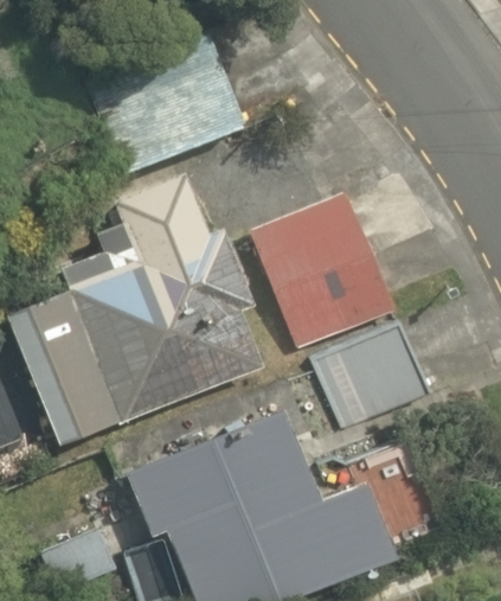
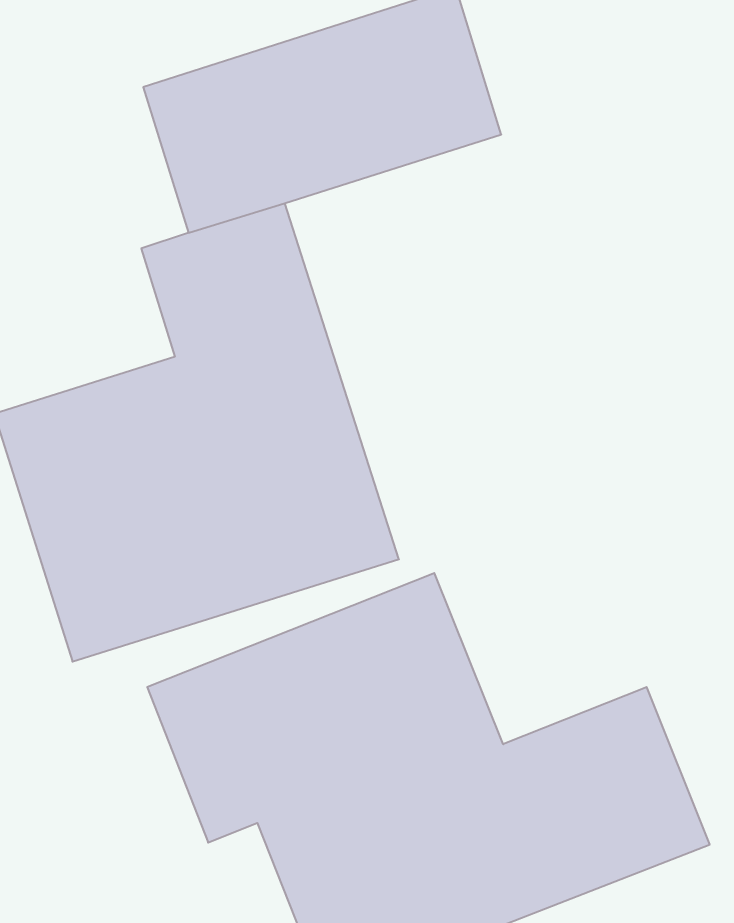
building: [249,192,398,352] -> none
building: [308,324,425,442] -> none

